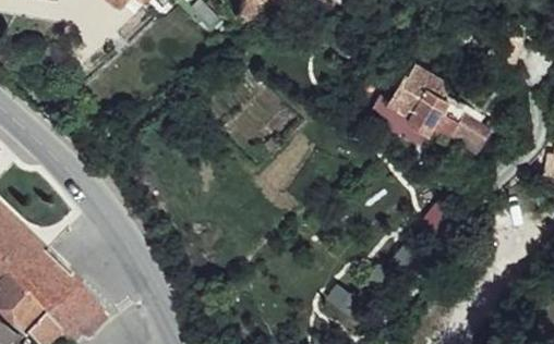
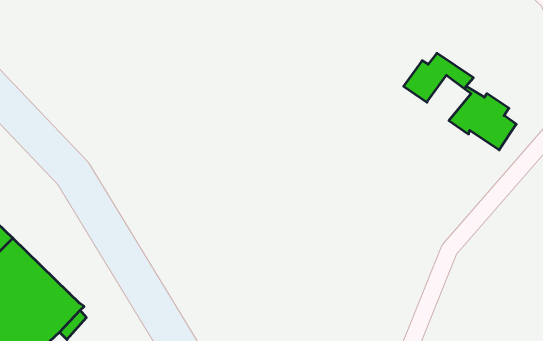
building: [402,95,445,138] -> none

